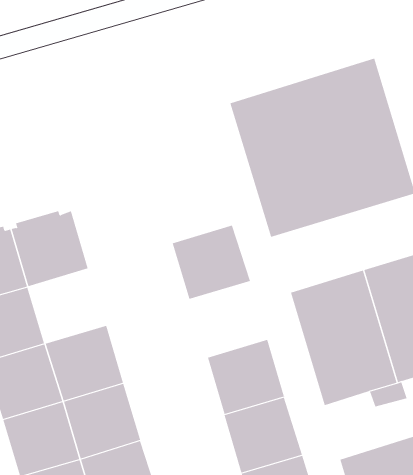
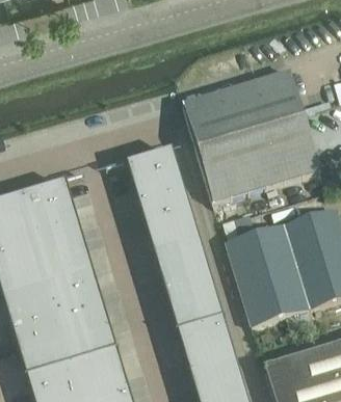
building: none -> [127,151,184,207]
building: none -> [33,225,91,280]
building: none -> [152,235,210,291]

